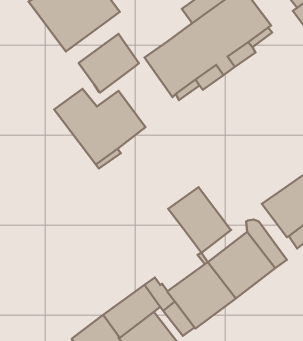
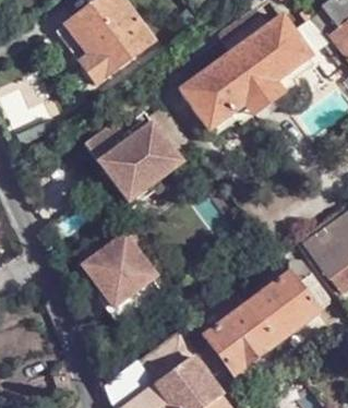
building: [79,34,139,92] -> none
building: [168,187,231,253] -> none
building: none -> [83,233,157,308]

